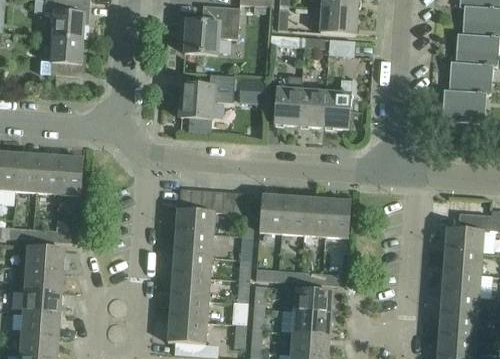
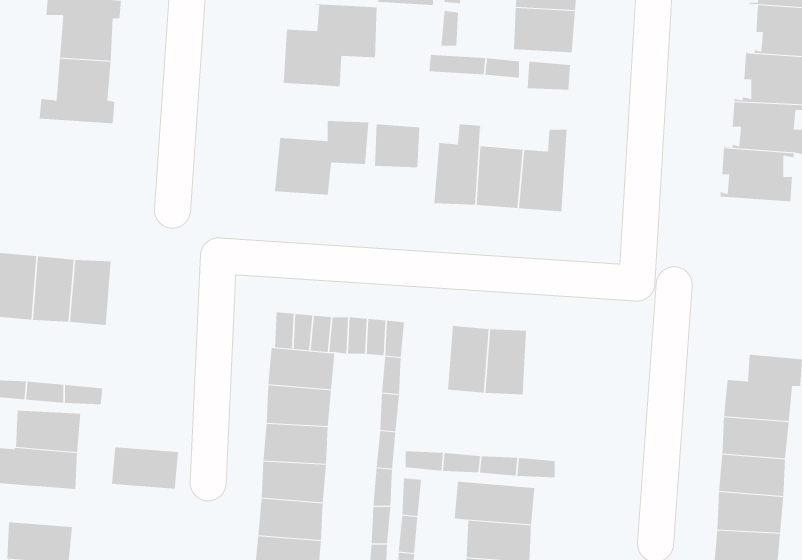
building: [259,194,284,233] -> none
building: [326,198,351,238] -> none
building: [22,289,62,314] -> [111,447,179,489]

